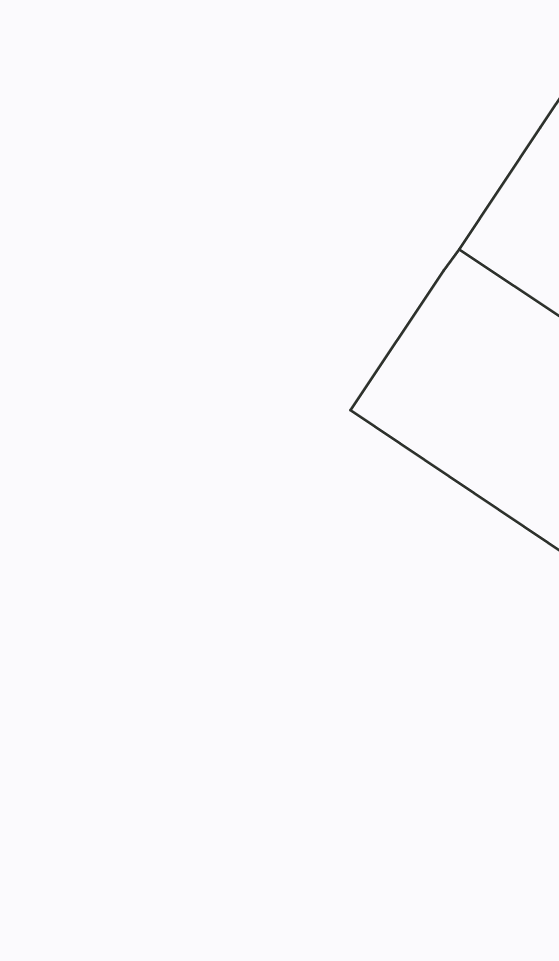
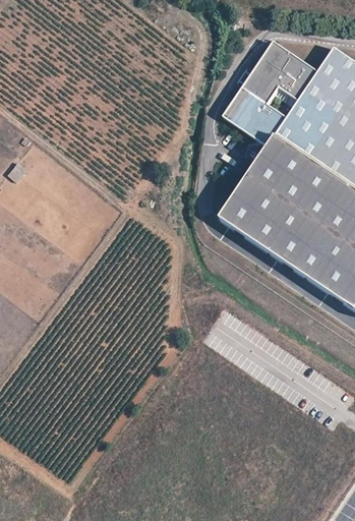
building: none -> [224,40,318,144]

